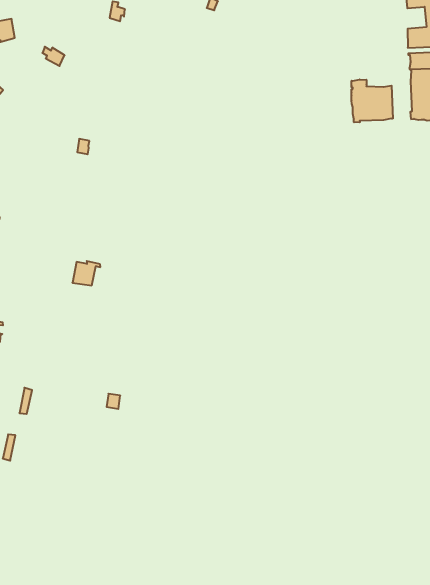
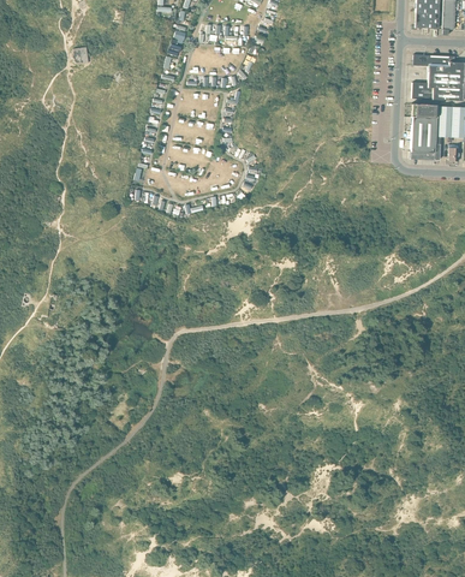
building: [352,79,393,122] -> none

